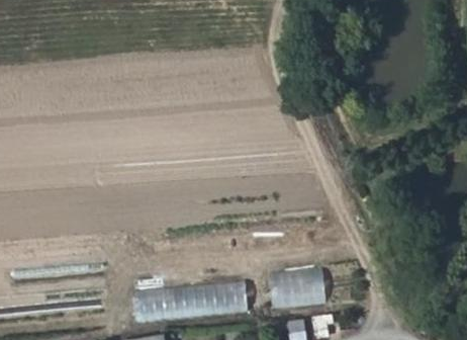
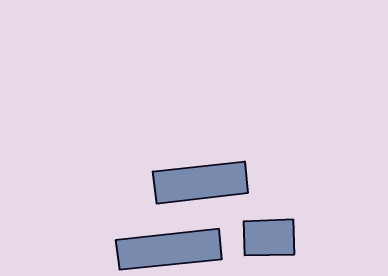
building: none -> [153,161,248,204]

